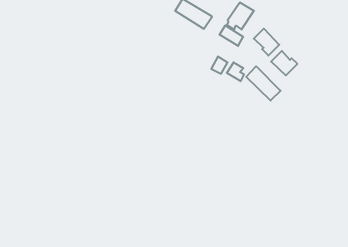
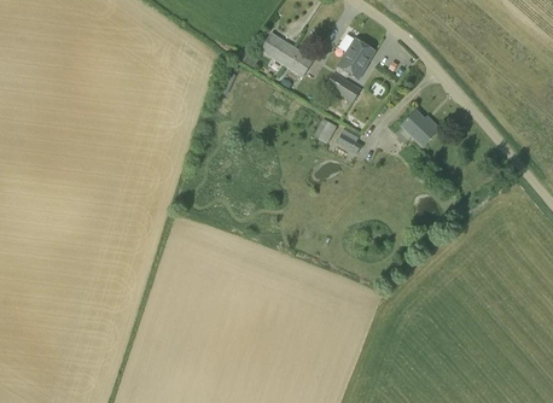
building: [254,29,279,56] -> none
building: [246,66,281,101] -> none

